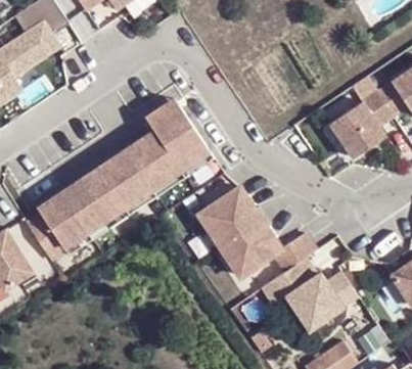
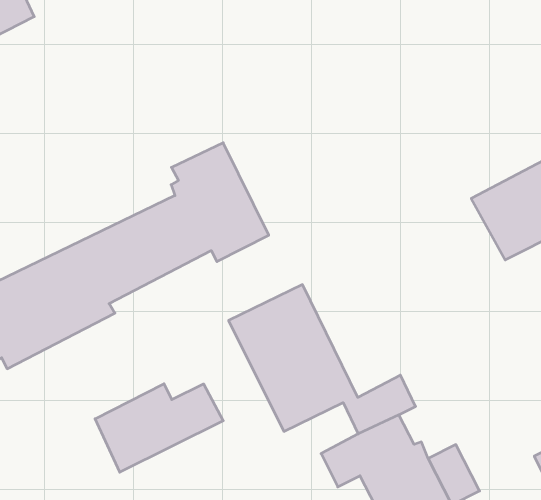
building: none -> [95,384,223,472]

